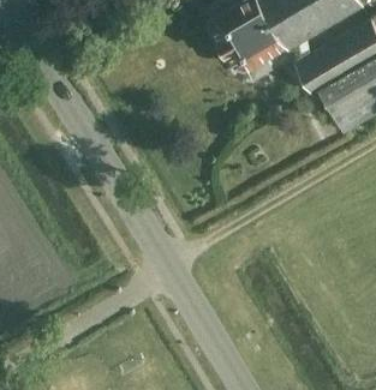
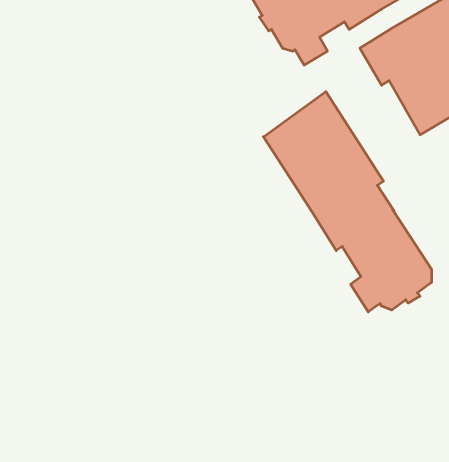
building: none -> [263,92,432,312]

